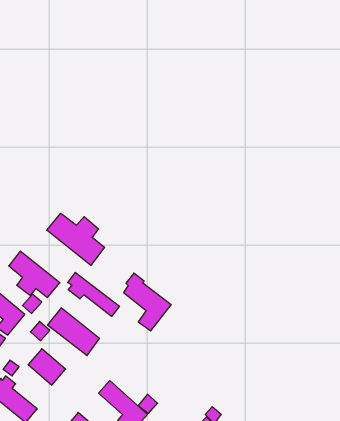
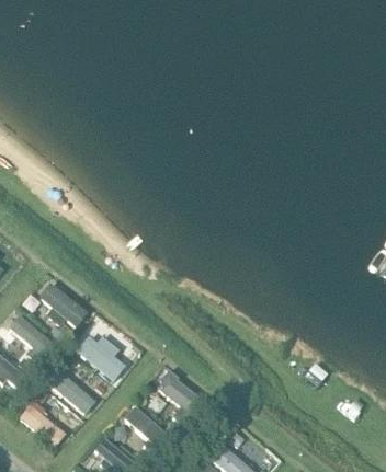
building: [47,213,105,265] -> none
building: [68,272,119,316] -> none
building: [124,273,171,331] -> [158,370,204,426]

